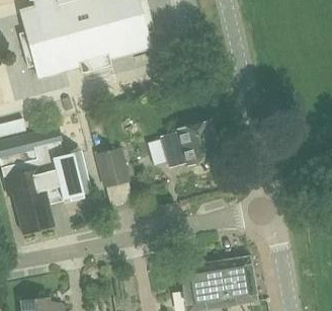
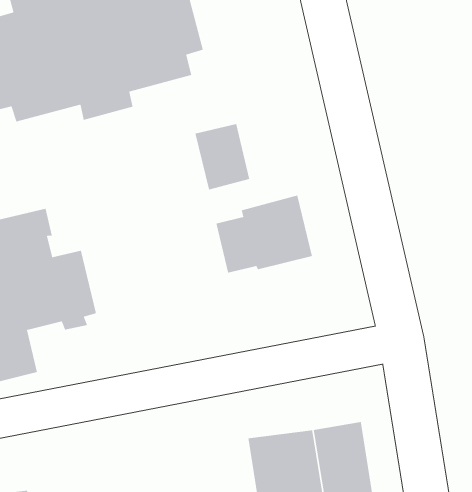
building: none -> [194,123,250,191]
building: [96,147,128,186] -> none

